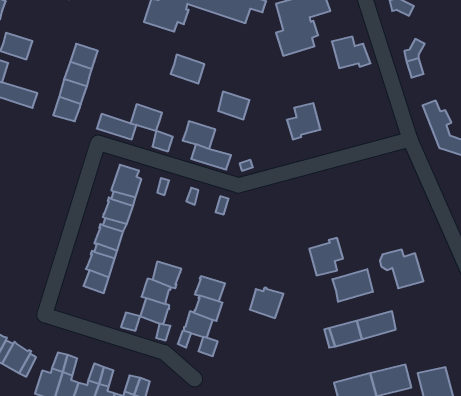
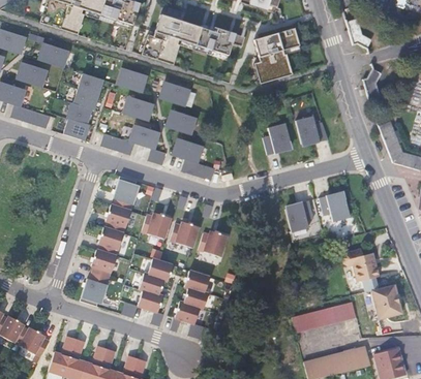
building: none -> [40,43,68,66]
building: [332,37,371,68] -> [296,116,329,143]
building: none -> [116,67,144,91]
building: none -> [122,96,151,119]
building: [218,92,250,119] -> [169,110,196,134]
building: none -> [319,192,351,220]
building: none -> [142,212,171,238]
building: none -> [170,221,199,247]
building: [309,238,343,275] -> [285,199,314,231]
building: [332,269,373,302] -> none
building: none -> [80,278,108,306]
building: [250,288,284,318] -> [199,230,228,256]
building: none -> [364,283,402,319]

